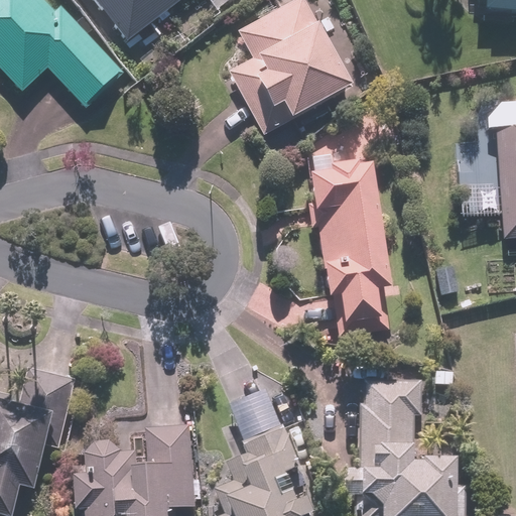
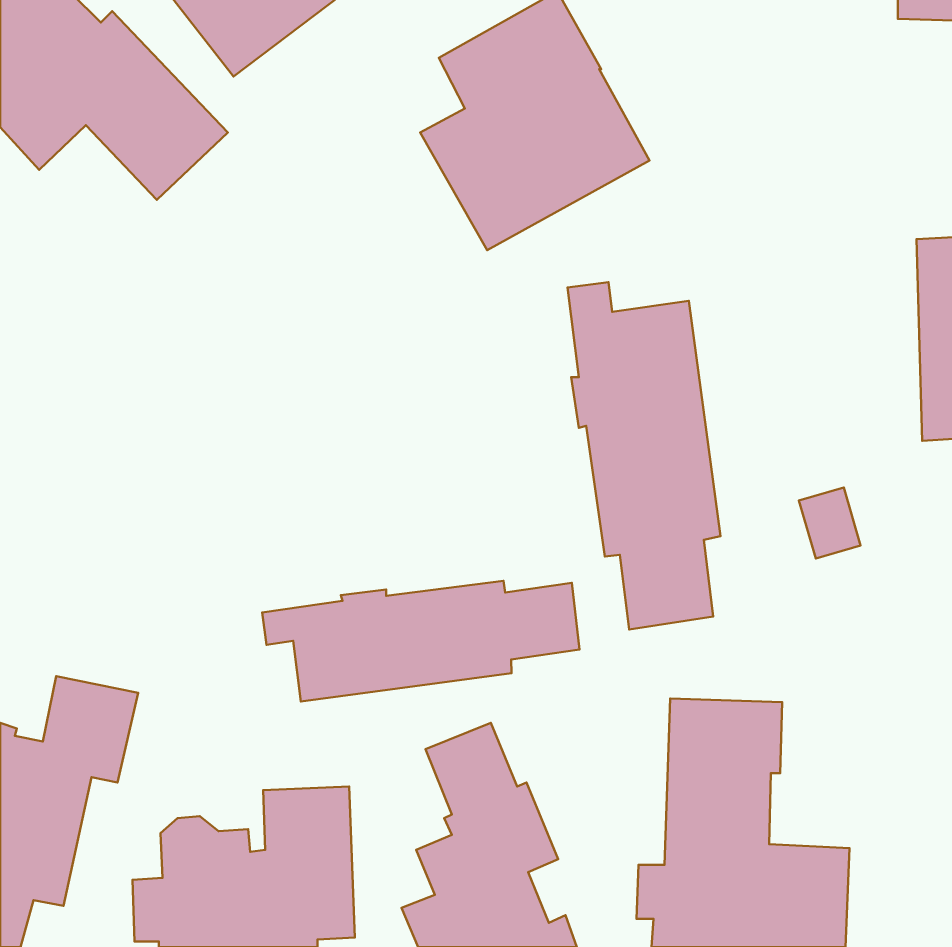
building: none -> [262,581,579,702]

